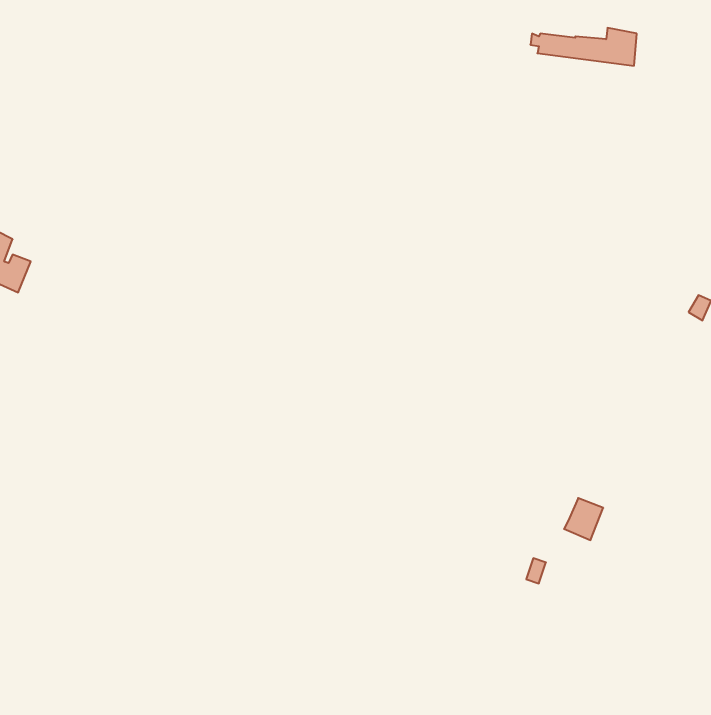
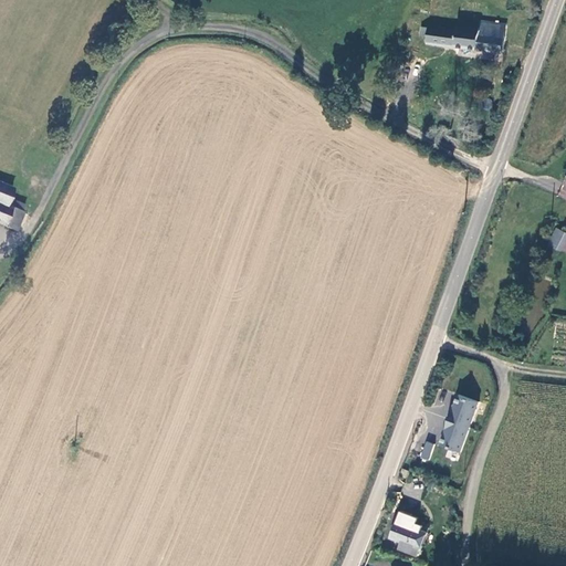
building: none -> [437,418,467,451]
building: none -> [389,518,430,557]

